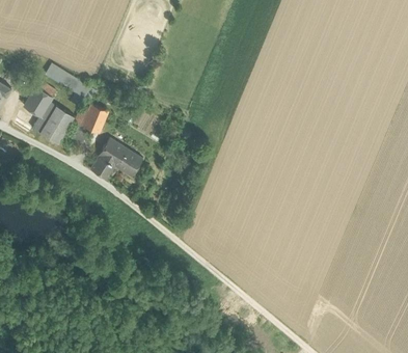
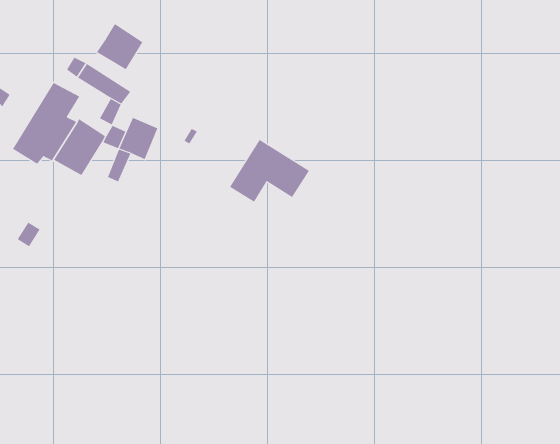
building: none -> [96,23,143,70]
building: [89,138,142,180] -> [229,139,310,203]

